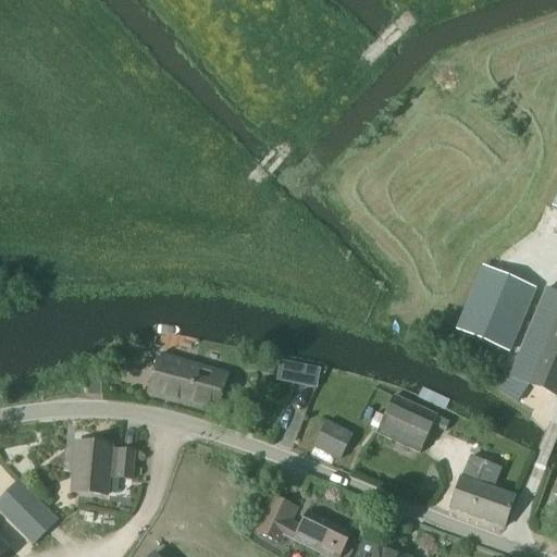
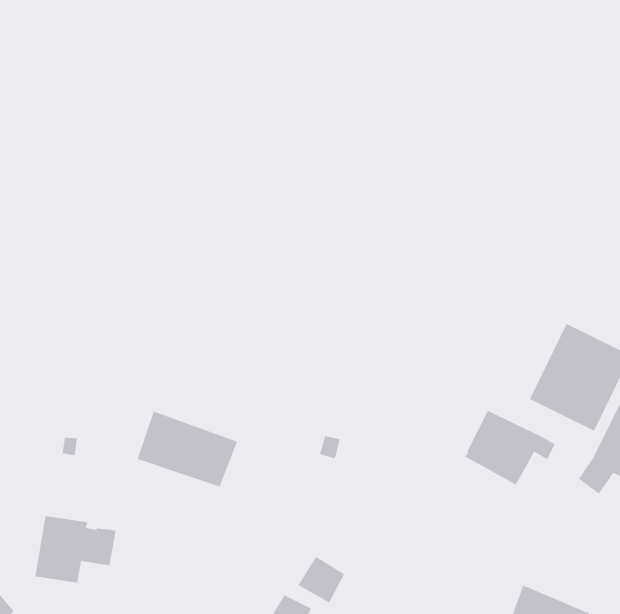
building: [376,393,448,451] -> [464,410,555,486]
building: [314,419,351,456] -> [298,556,345,603]
building: [465,454,502,482] -> none

